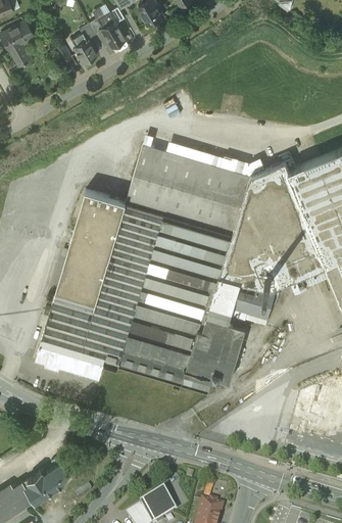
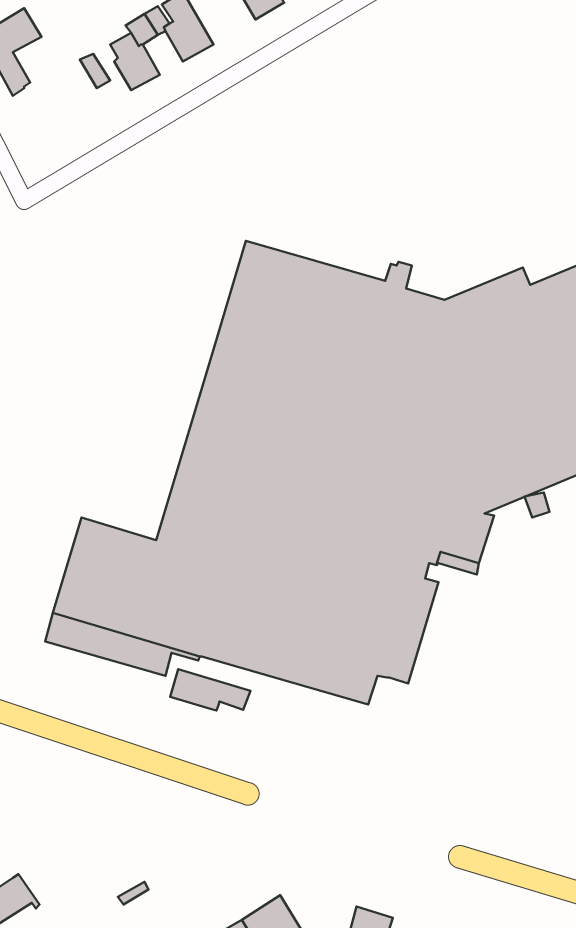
building: [55,190,126,304] -> none
building: none -> [170,669,250,710]
building: [21,461,71,504] -> none

